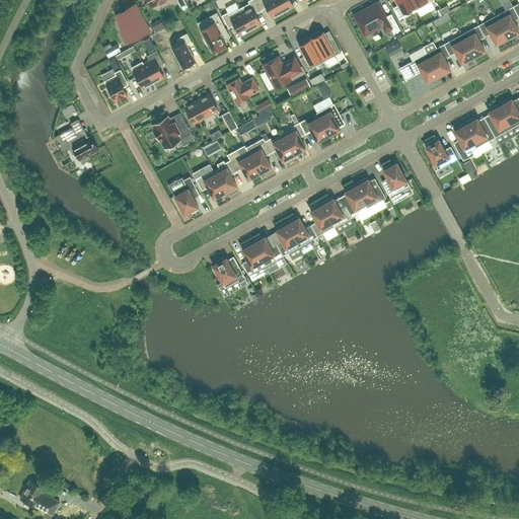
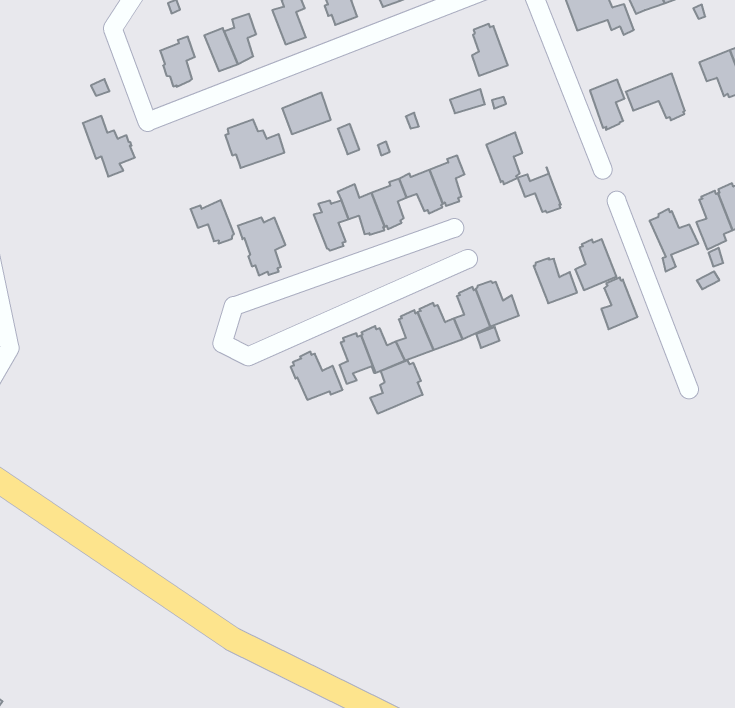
building: [311,30,341,62] -> none
building: [427,45,450,77] -> [590,80,625,130]
building: [263,57,301,88] -> none
building: [226,78,258,104] -> none
building: [299,114,328,142] -> [517,167,561,213]
building: [196,171,225,199] -> [190,200,234,243]
building: [345,184,368,218] -> [601,277,638,329]
building: none -> [370,360,423,414]

